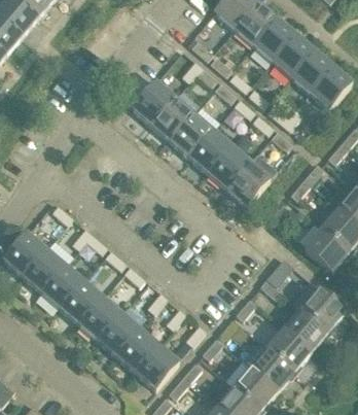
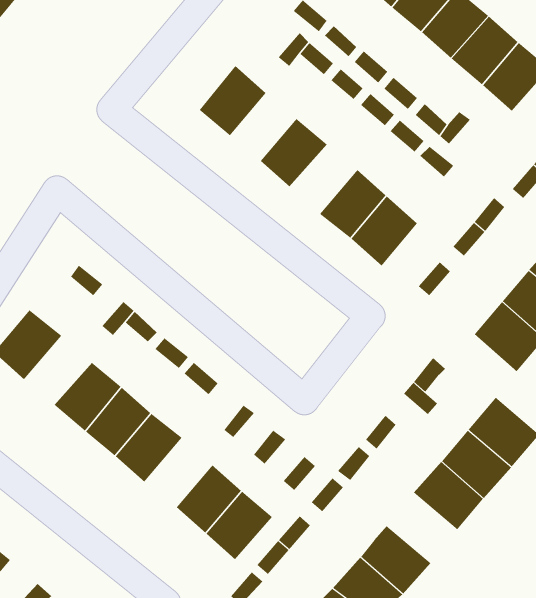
building: [151,98,192,140] -> none
building: [188,130,230,173] -> none
building: [23,249,65,292] -> none
building: [98,313,140,356] -> none
building: [241,340,293,391] -> none

